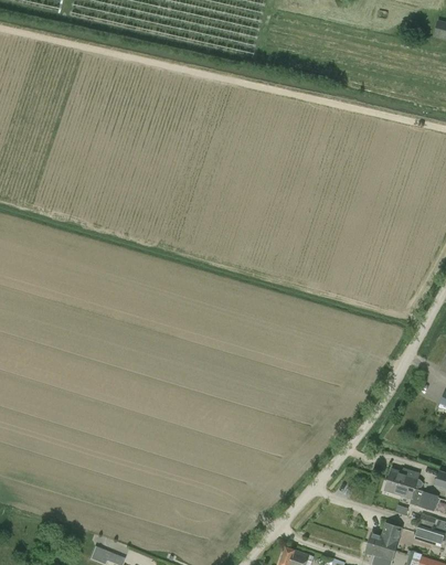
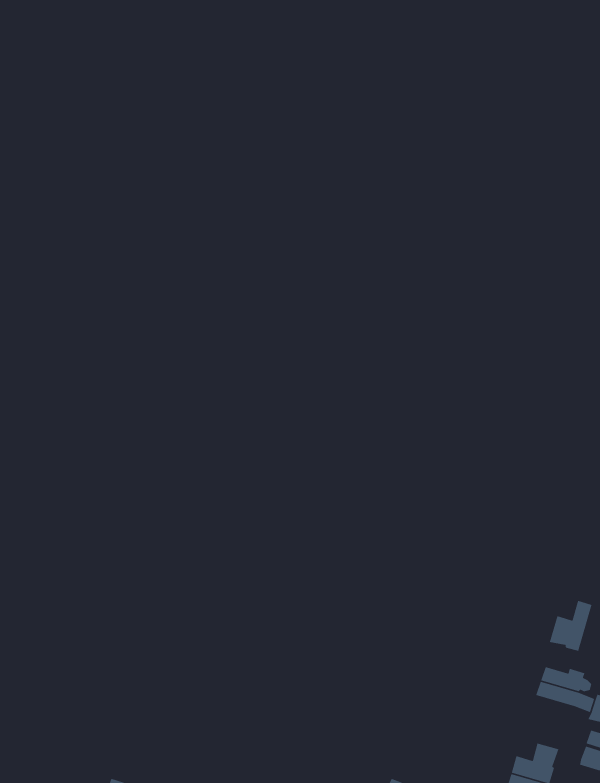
building: none -> [549,600,593,652]

